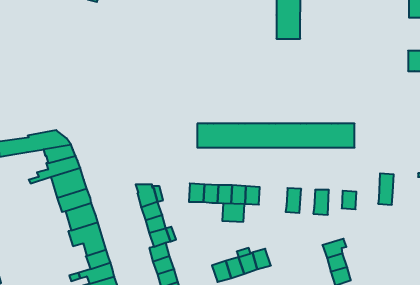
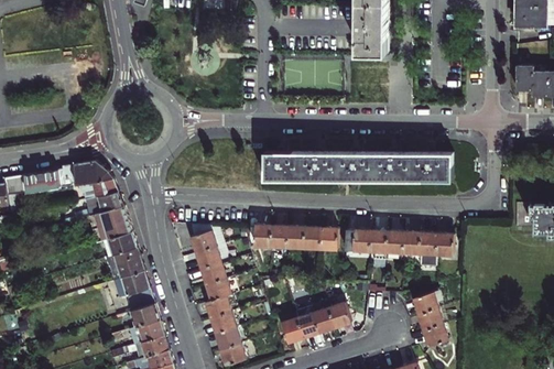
building: [378,173,394,205] -> [417,232,436,270]
building: none -> [384,231,403,261]
building: [222,203,244,222] -> [344,229,370,251]

